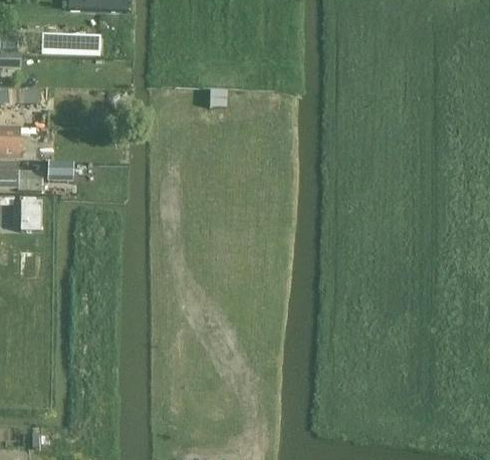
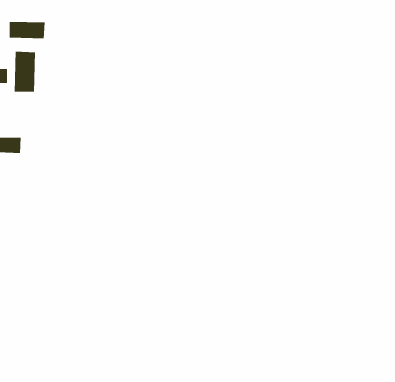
building: none -> [14,51,35,92]

